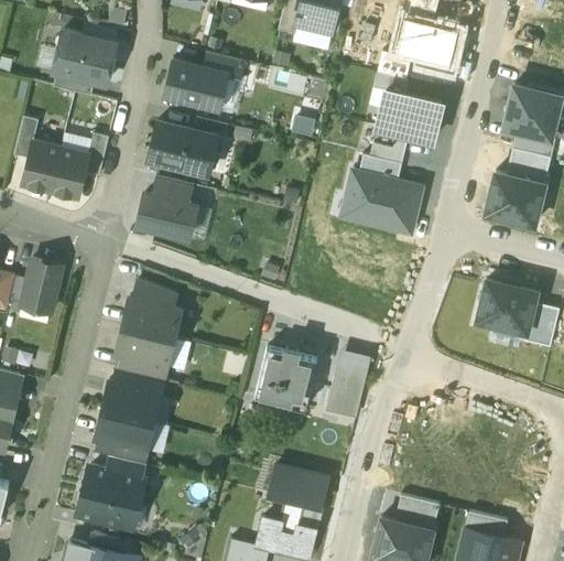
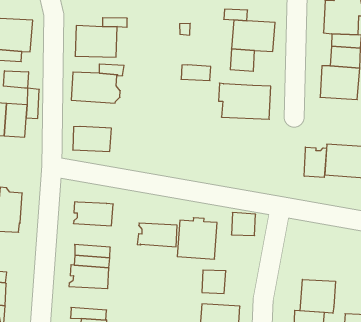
building: none -> [3,71,28,88]
building: [358,155,401,183] -> [181,65,211,81]
building: [154,177,193,205] -> none
building: none -> [304,147,326,177]
building: [133,281,175,308] -> none
building: [115,326,173,367] -> [137,223,177,247]
building: [326,379,364,416] -> [202,270,226,293]
building: [95,410,153,451] -> none
building: none -> [300,279,335,313]

